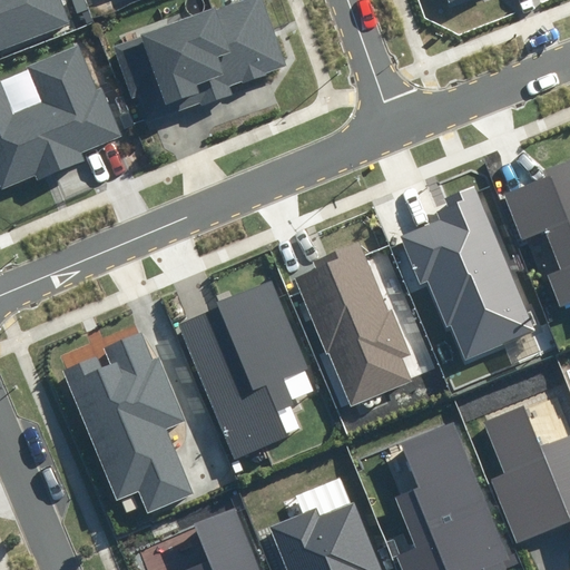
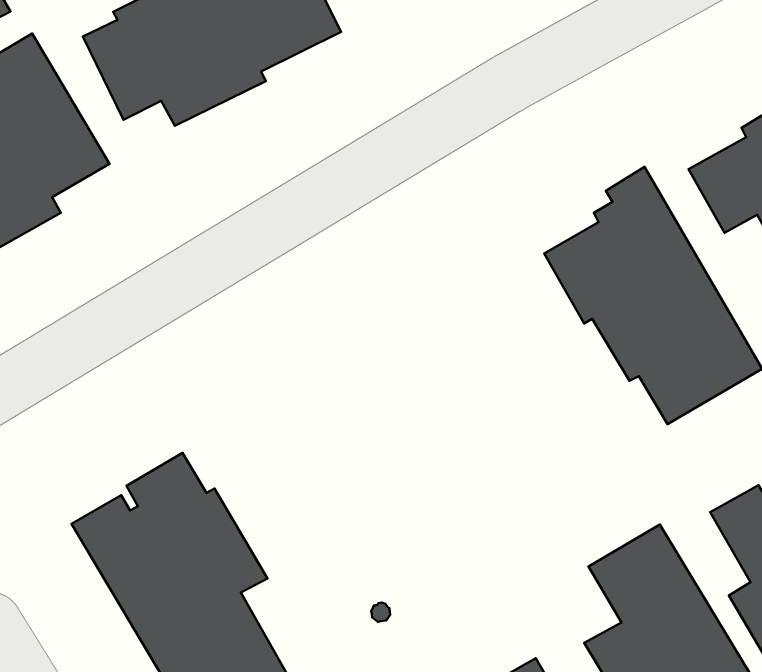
building: [293,240,413,407] -> none
building: [178,282,318,455] -> none

